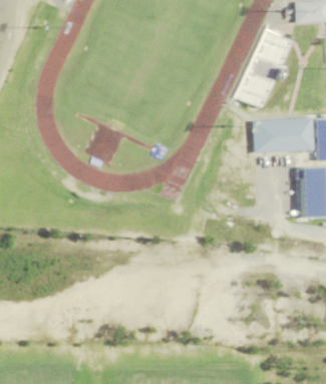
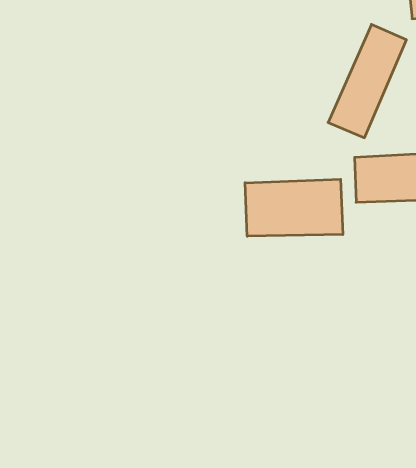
building: none -> [245,179,343,236]

